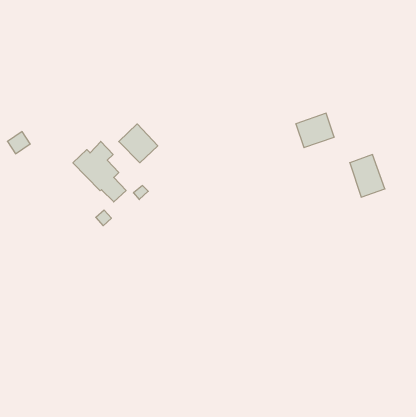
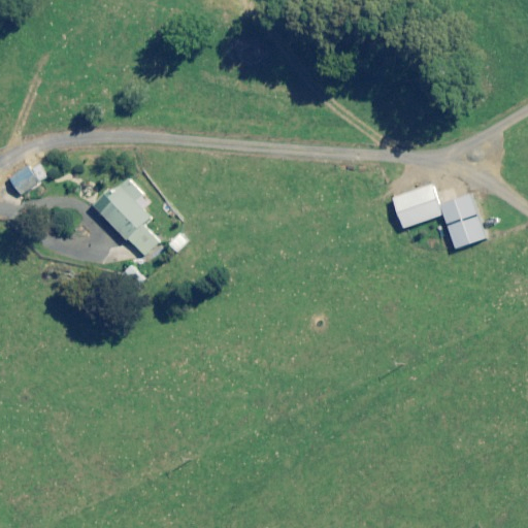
building: [296,113,334,148] -> [393,185,441,228]
building: [119,124,158,163] -> none

